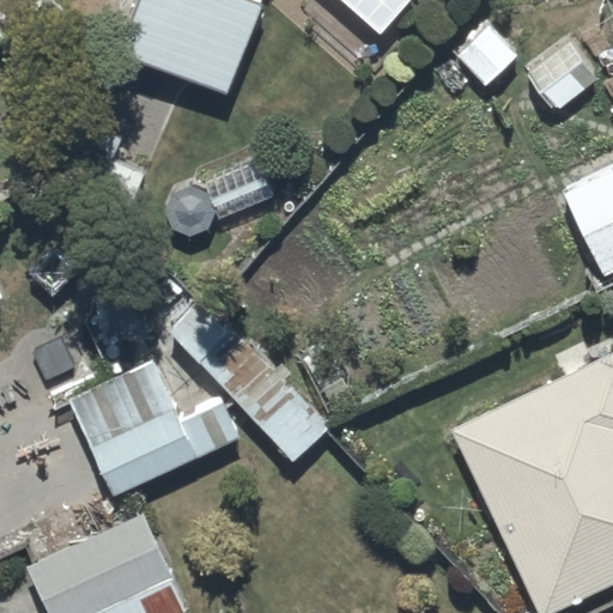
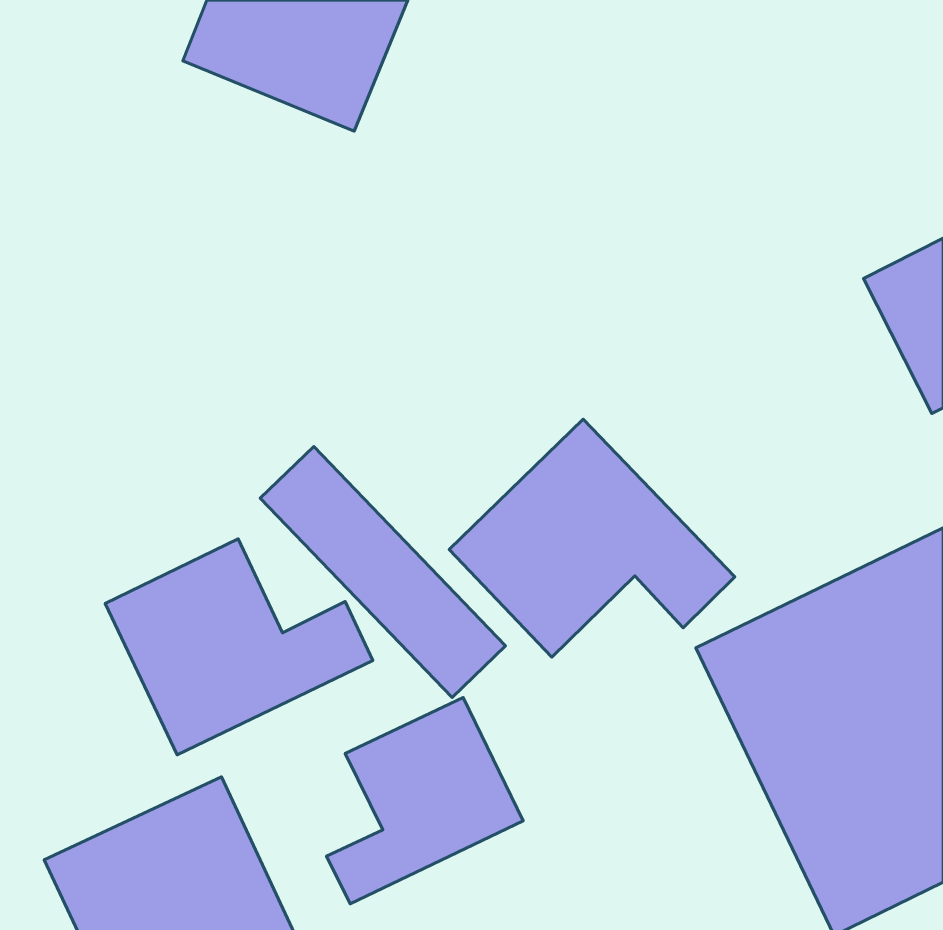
building: none -> [449,419,735,657]
building: none -> [327,697,523,904]

